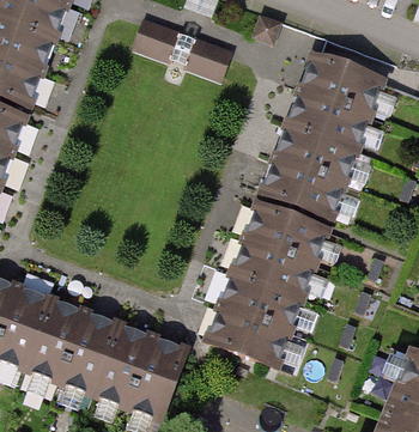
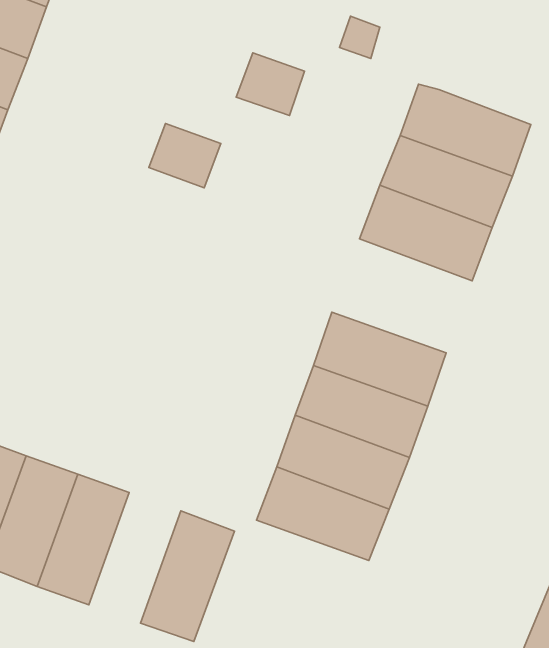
building: [138,18,184,60] -> [149,123,221,188]
building: [260,159,345,221] -> none
building: [96,324,156,409] -> none

